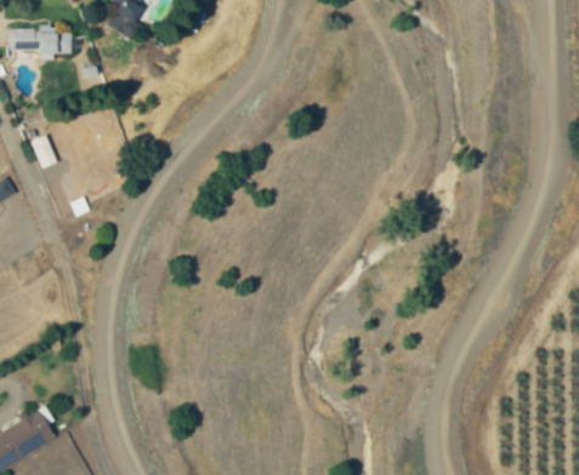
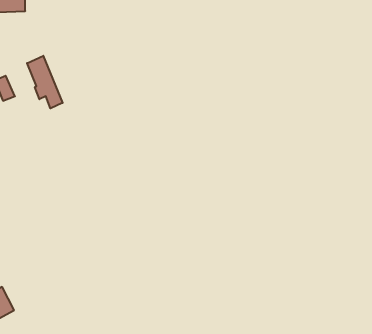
building: none -> [27,56,63,108]

